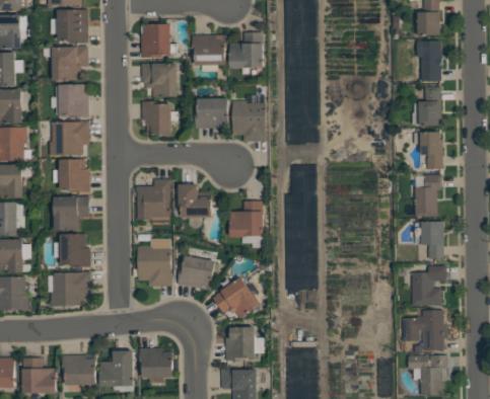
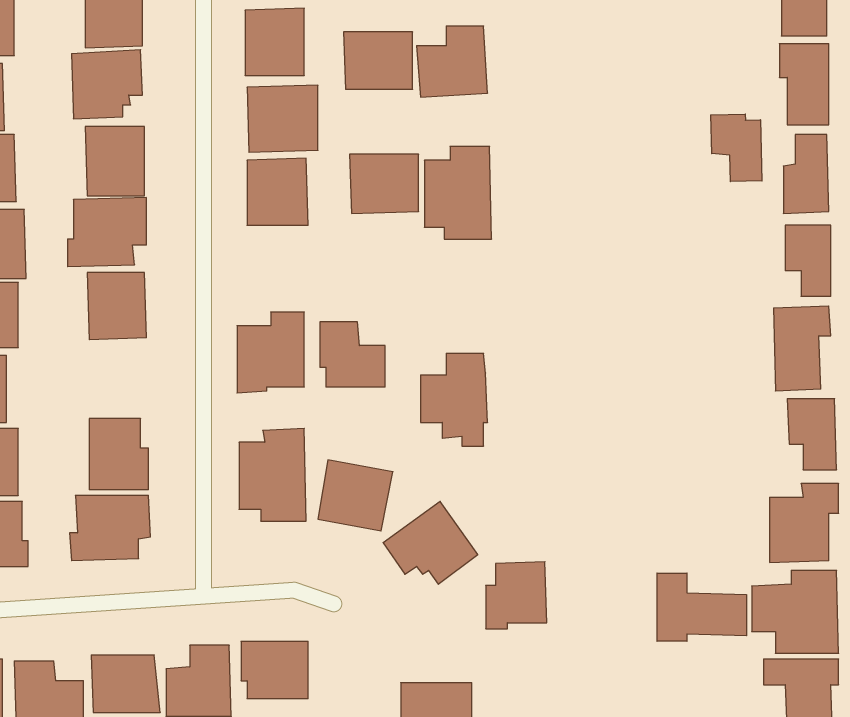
building: none -> [711,114,762,182]
building: [55,196,90,231] -> none
building: none -> [657,573,746,641]
building: [225,326,257,361] -> [486,562,547,629]

